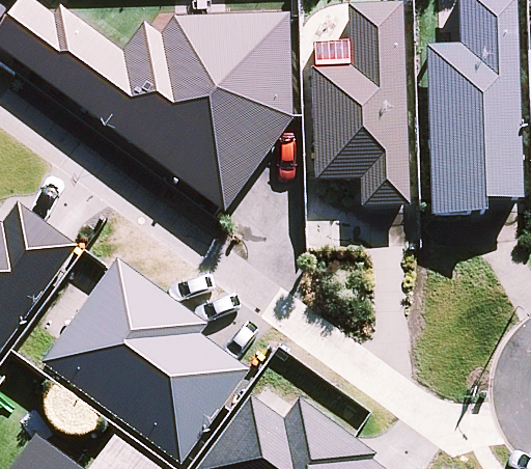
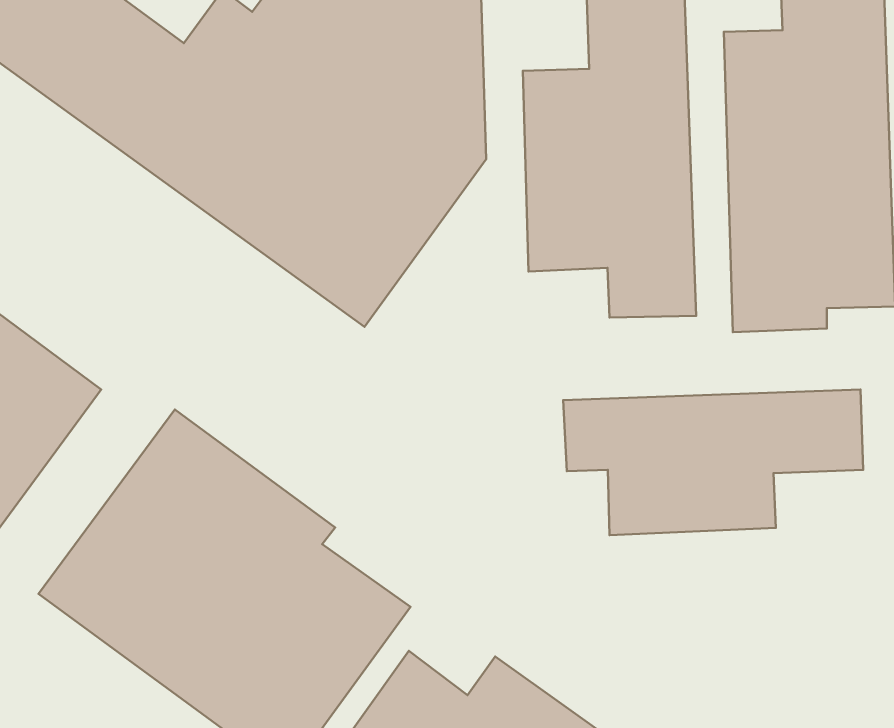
building: none -> [563,389,863,535]

